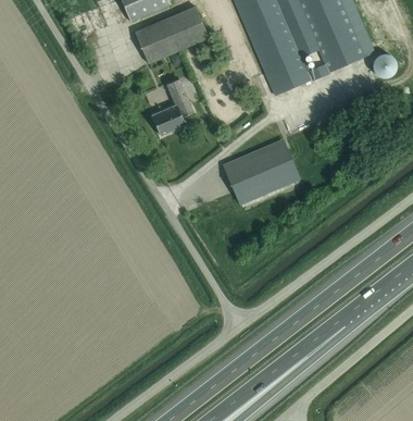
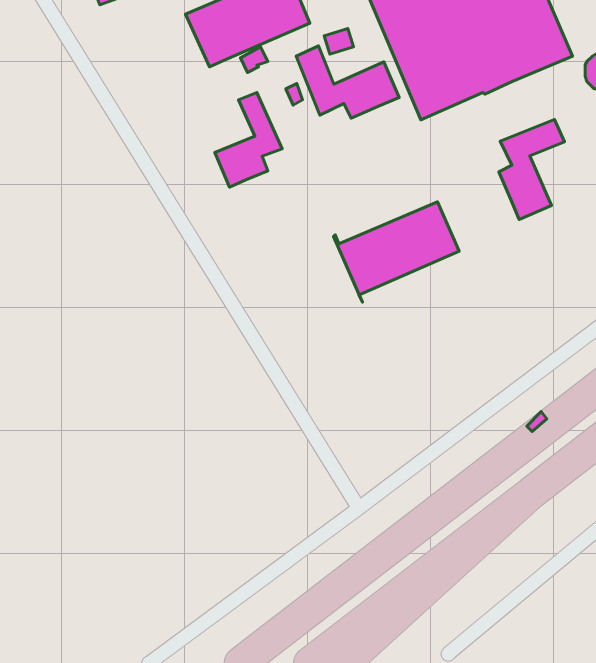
building: none -> [296,46,399,118]
building: none -> [499,120,565,220]

